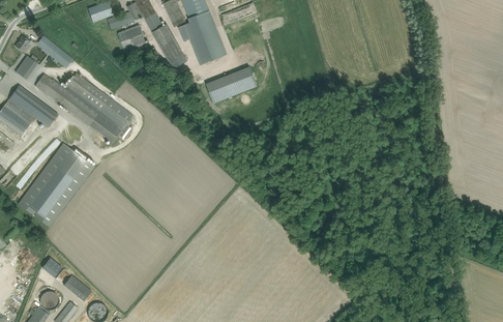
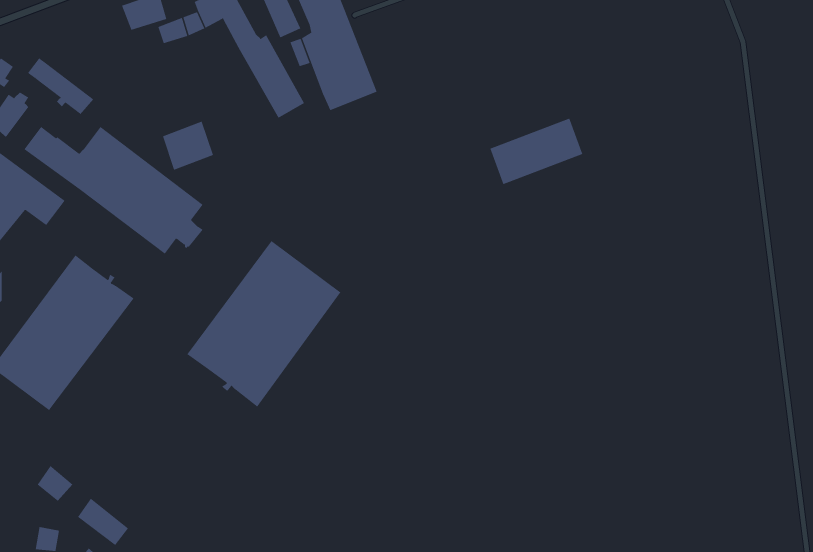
building: [117,25,145,52] -> [162,121,214,171]
building: [206,66,257,103] -> [490,118,583,185]
building: none -> [186,240,342,407]

